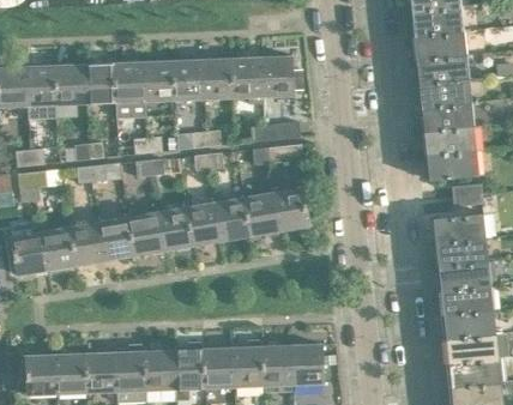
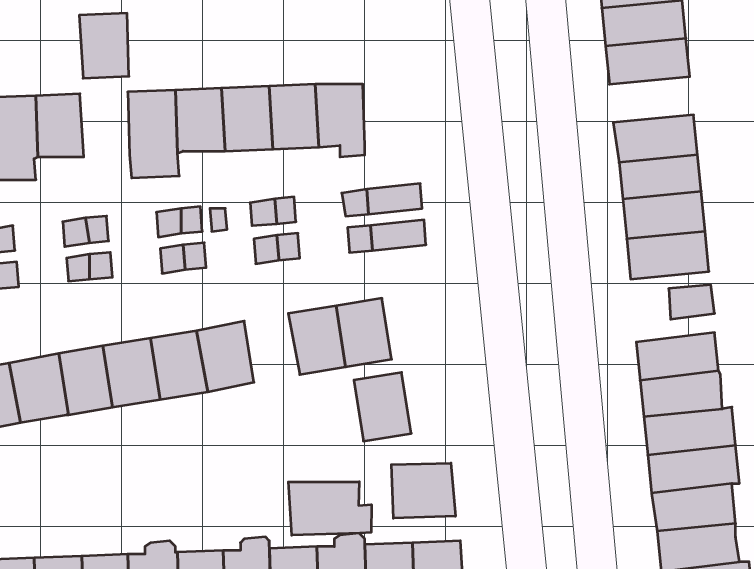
building: [416,54,469,83] -> none
building: [261,58,301,97] -> none
building: [84,64,115,104] -> [79,13,129,78]
building: [273,188,309,231] -> [354,372,411,441]
building: [187,202,222,246] -> none
building: none -> [391,463,455,518]
building: none -> [288,482,371,535]

